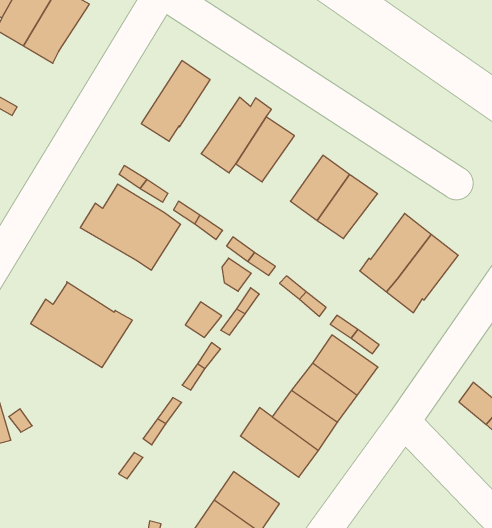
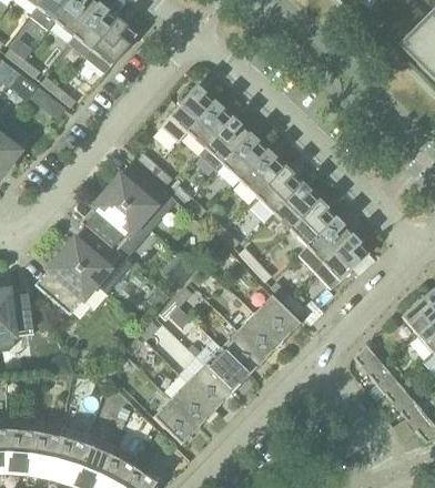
building: none -> [186,101,232,146]
building: none -> [239,150,284,195]
building: none -> [290,200,335,245]
building: none -> [84,191,151,257]
building: none -> [39,253,107,313]
building: none -> [186,363,232,407]

